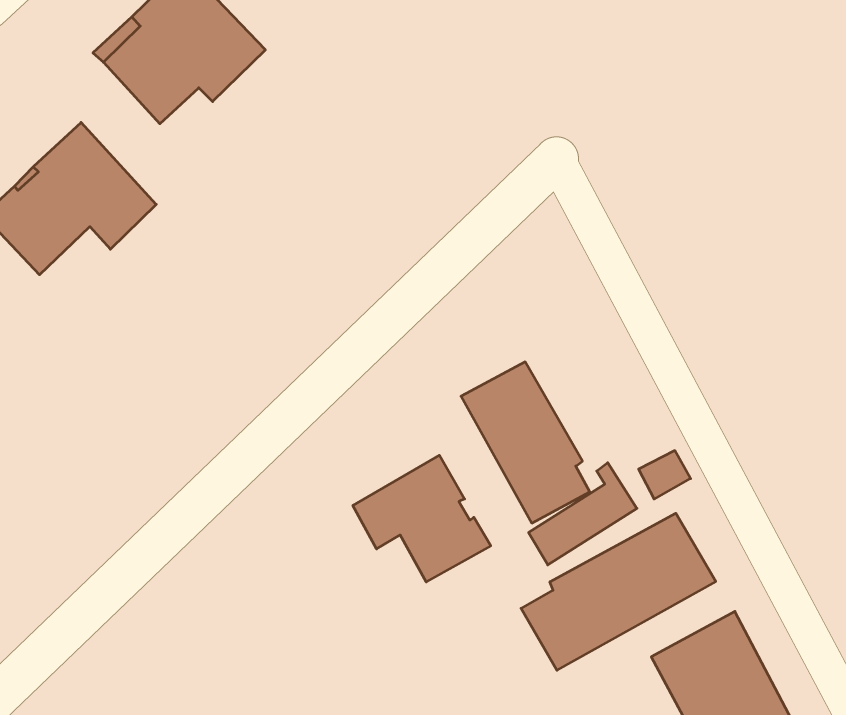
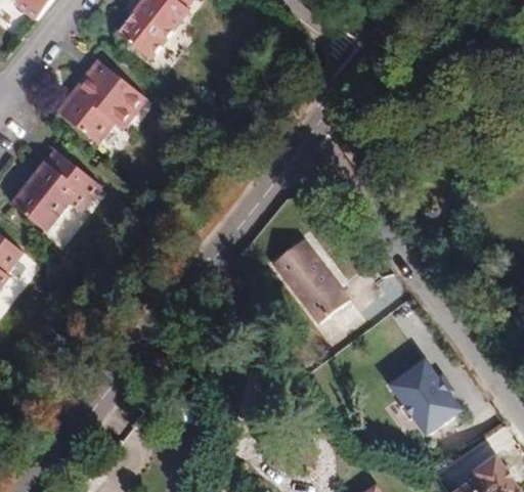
building: [353,455,491,582] -> none
building: [521,513,716,670] -> none

